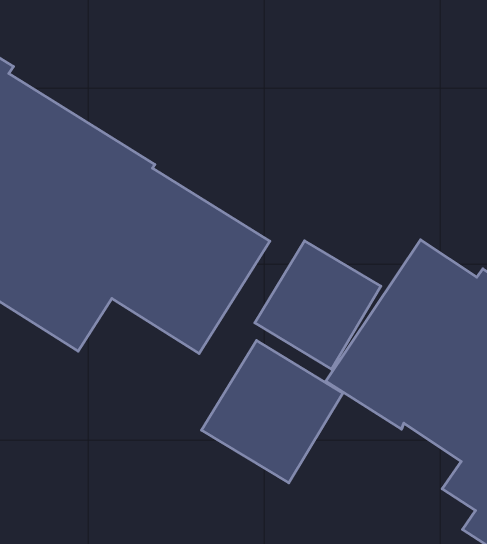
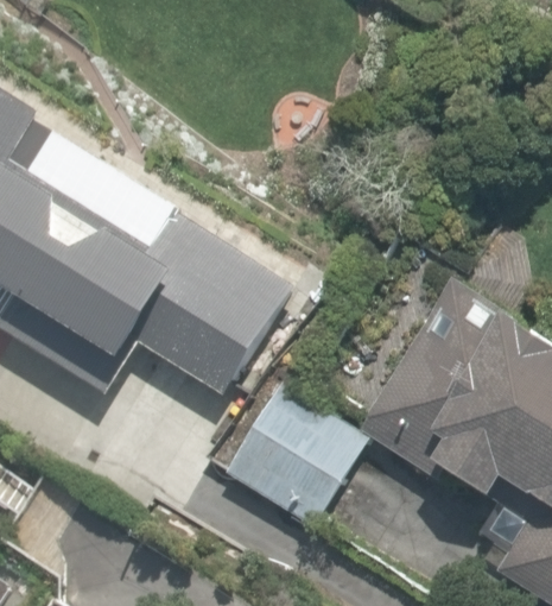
building: [255,241,381,369] -> none

